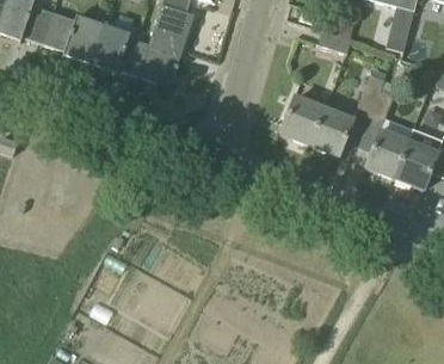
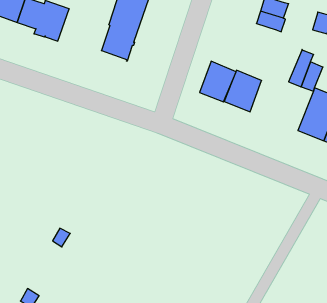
building: [90,25,149,73] -> none
building: [310,107,352,154] -> [200,61,236,102]

